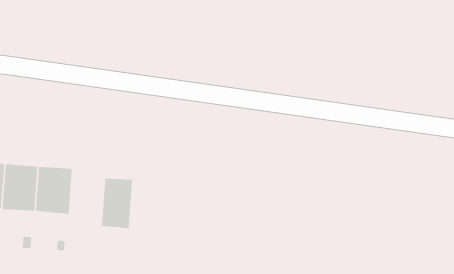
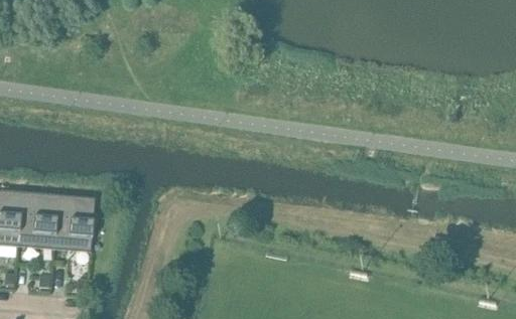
building: [101,175,133,231] -> none

